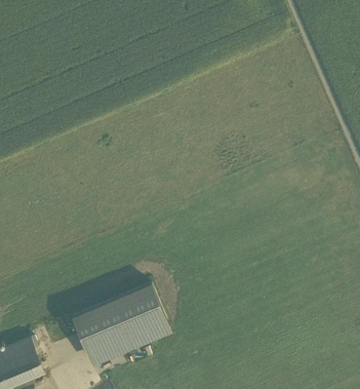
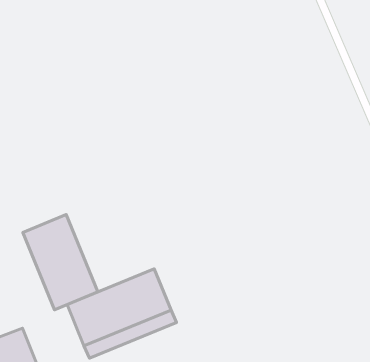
building: none -> [23,215,98,310]

